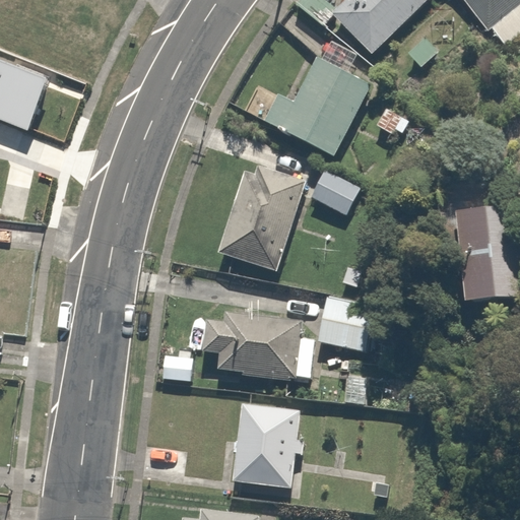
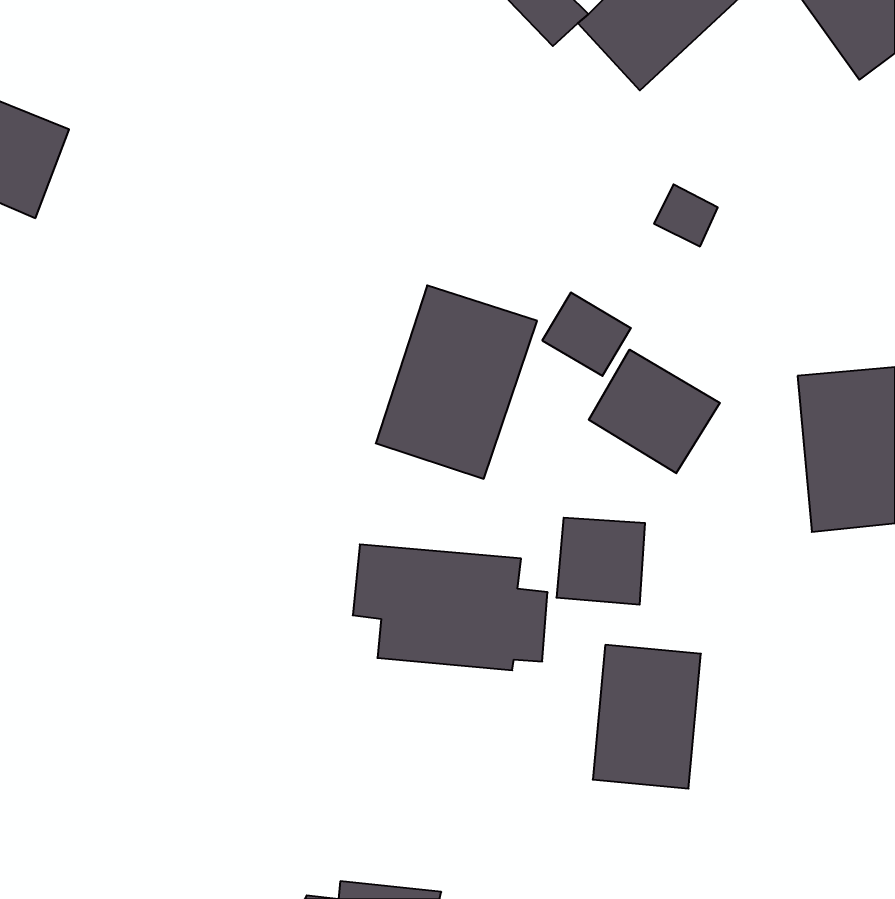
building: [245,36,371,157] -> none
building: none -> [589,350,720,473]
building: [234,404,296,486] -> [593,645,701,789]

